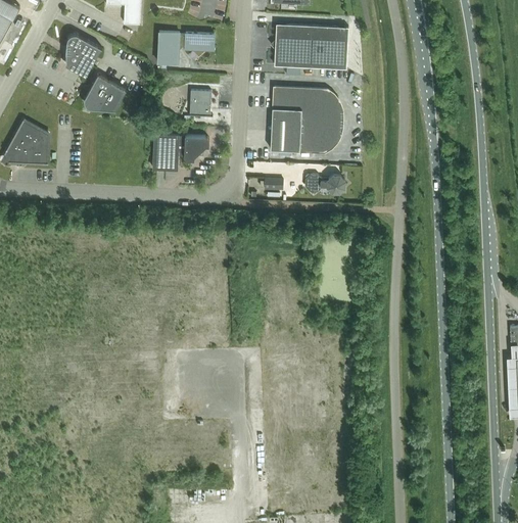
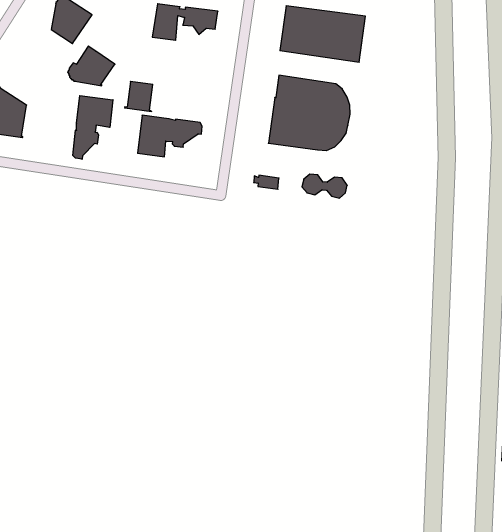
building: [188,90,213,115] -> [125,81,153,111]
building: none -> [73,96,113,159]

